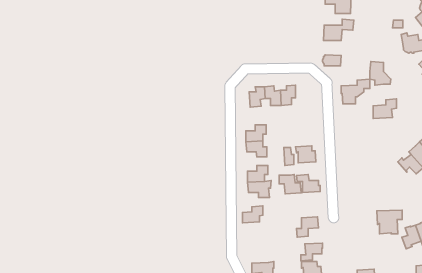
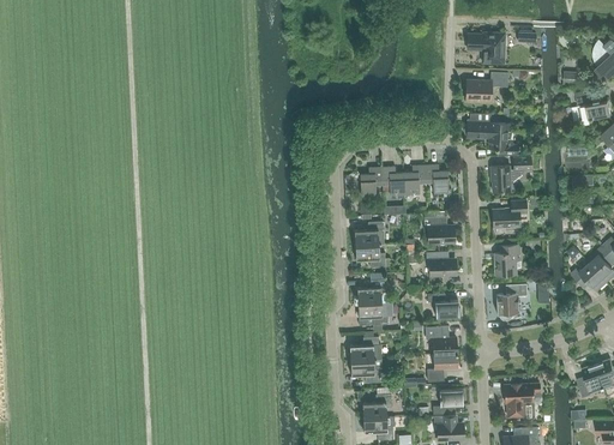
building: [370,62,391,85] -> [489,122,519,156]
building: none -> [426,164,451,194]
building: [373,99,397,118] -> [493,199,526,227]
building: none -> [425,216,453,242]
building: none -> [494,243,522,275]
building: none -> [495,283,528,320]
building: [279,174,301,194] -> [426,325,457,353]
building: [377,210,402,234] -> [504,383,540,416]
building: none -> [350,359,383,381]
building: none -> [362,393,392,417]

